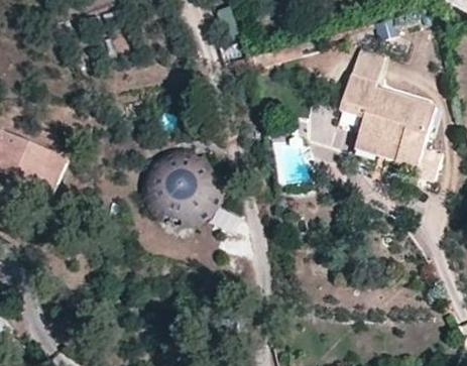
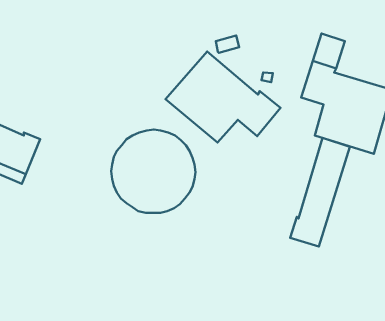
building: none -> [165,52,281,143]
building: none -> [290,138,350,247]

